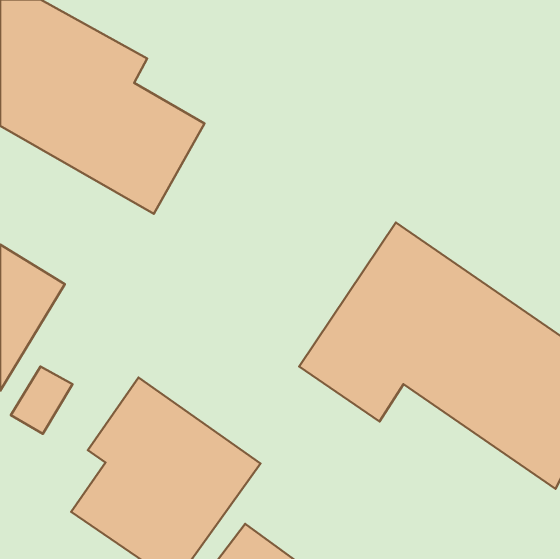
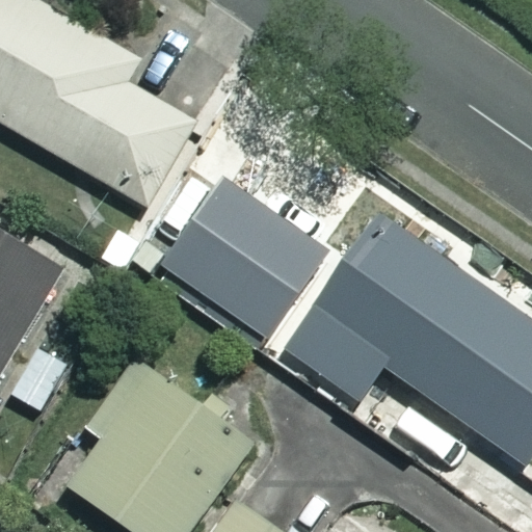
building: none -> [158,178,326,341]

